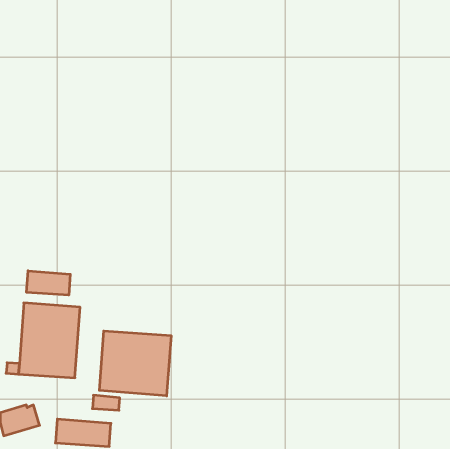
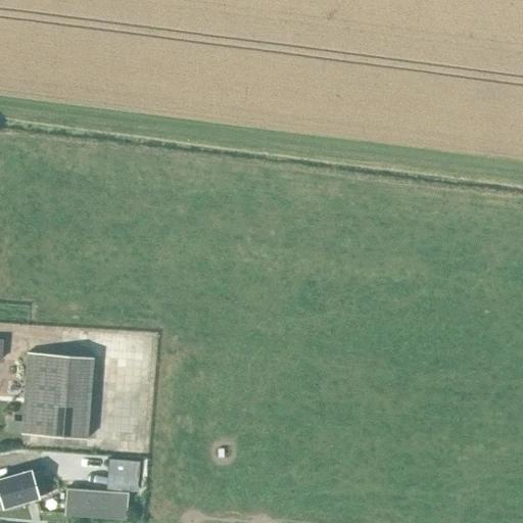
building: [27,271,70,295] -> none
building: [99,331,171,396] -> none

